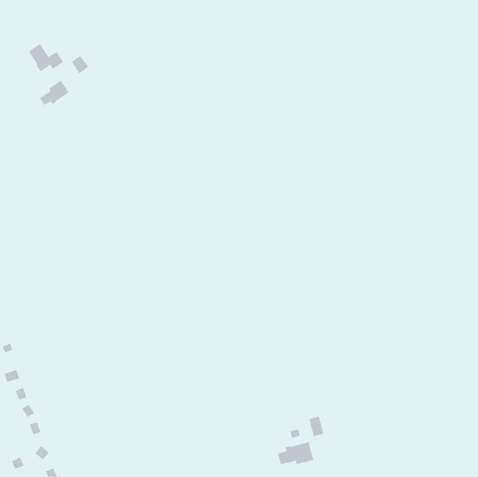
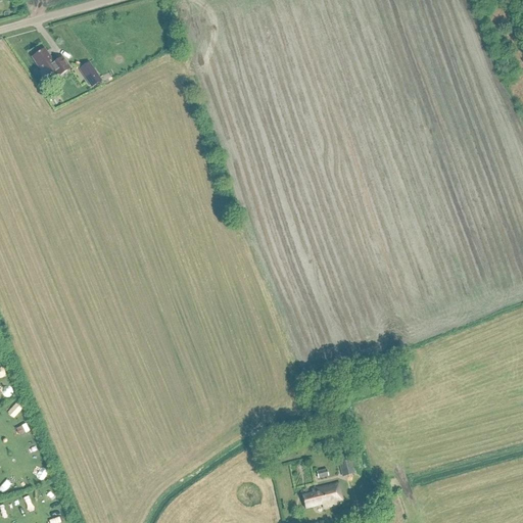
building: [39,80,69,106] -> none

